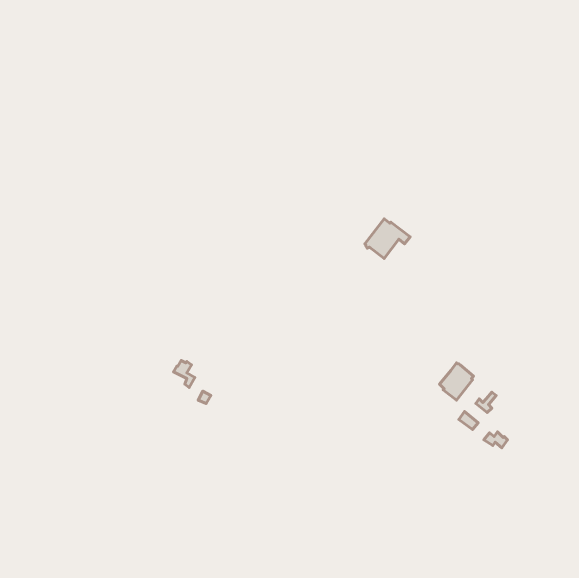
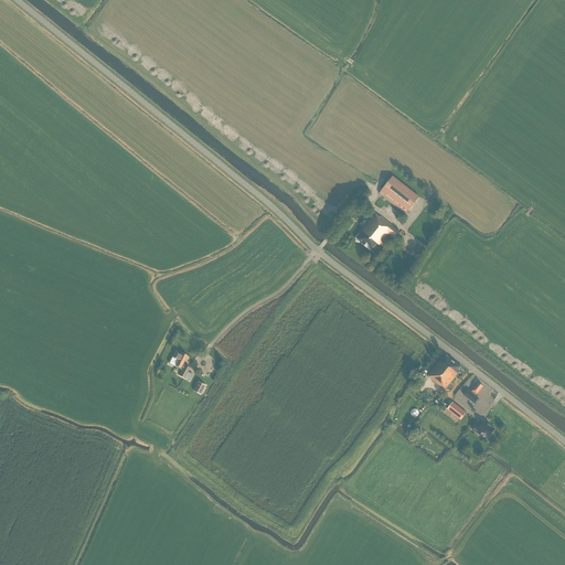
building: none -> [379,175,419,214]

